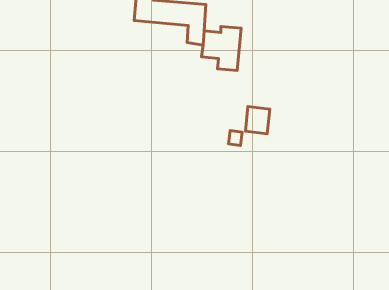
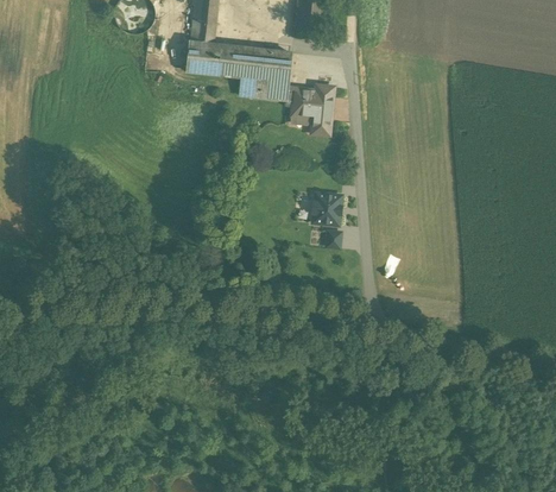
building: [245,107,270,134] -> [309,187,343,225]

